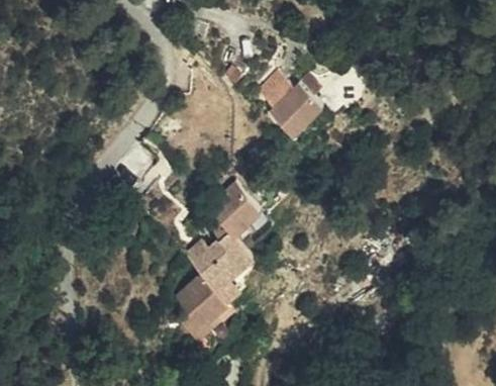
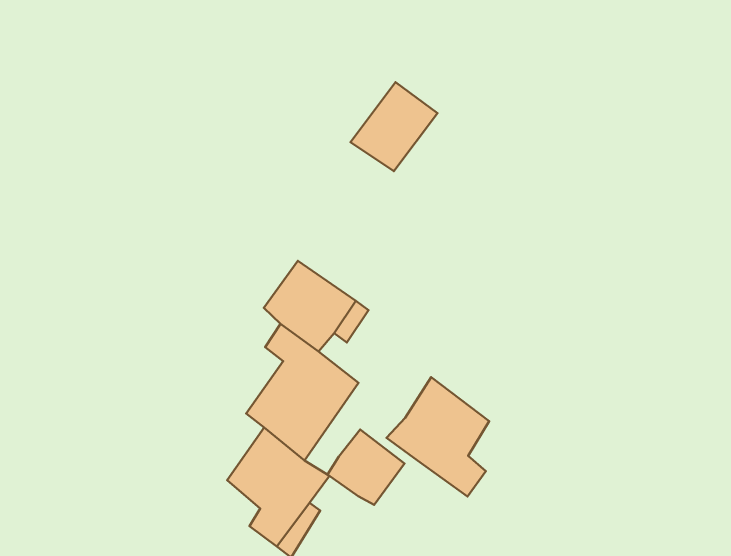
building: none -> [386,377,489,497]
building: none -> [328,430,404,505]

